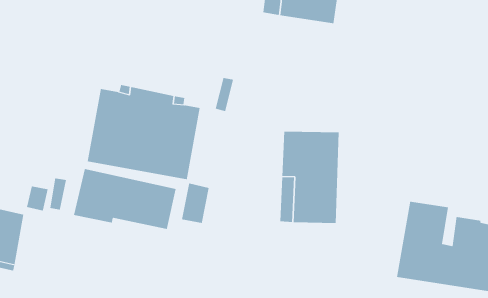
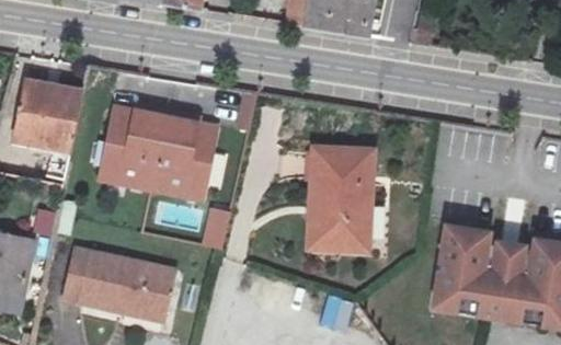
building: none -> [14,79,83,151]
building: [73,169,177,229] -> [59,249,171,314]

